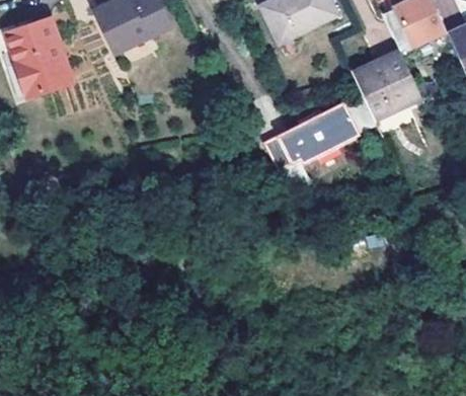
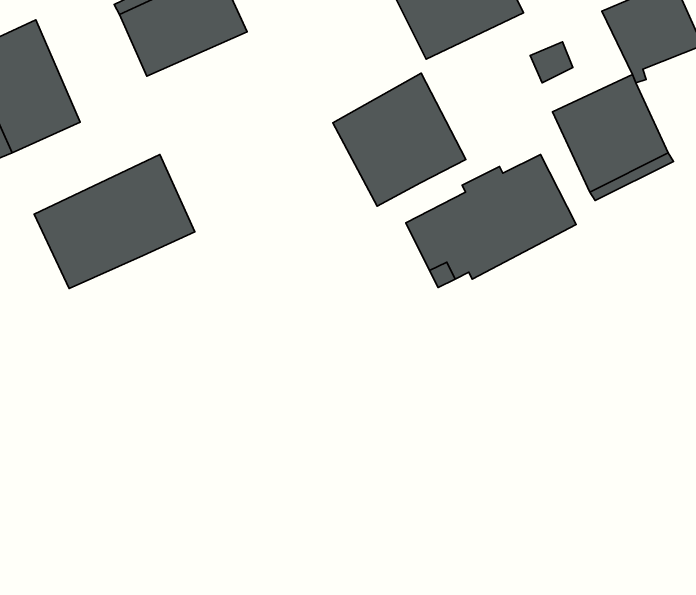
building: none -> [333,73,466,206]
building: none -> [34,155,195,289]

